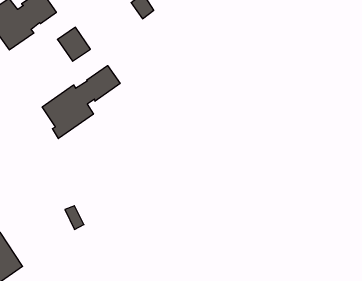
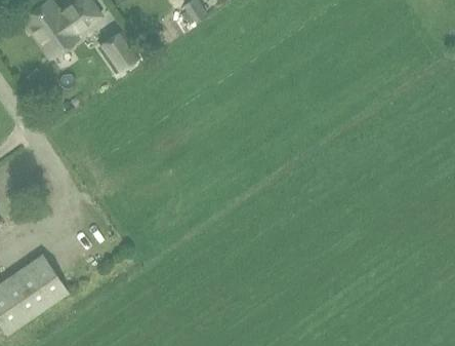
building: [42,66,120,139] -> none

